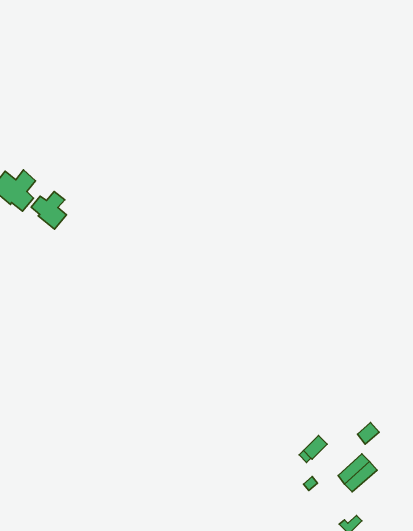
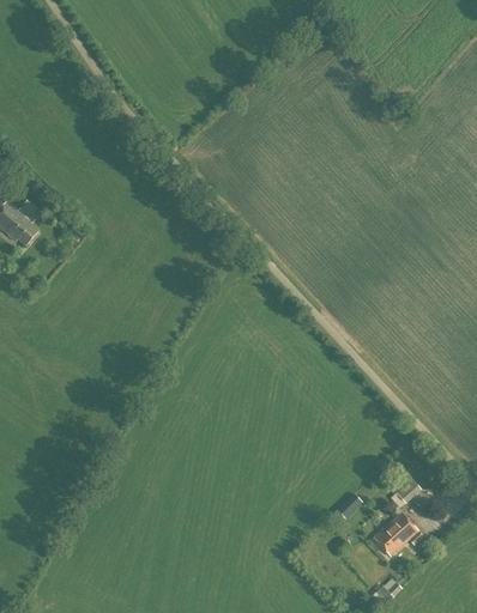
building: [31,192,67,229] -> none

